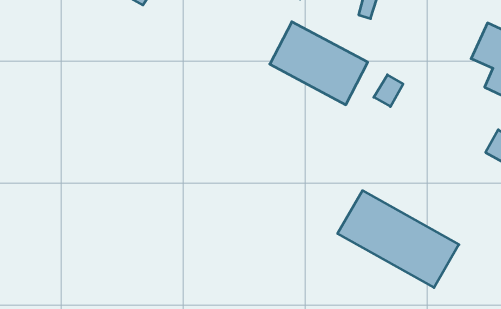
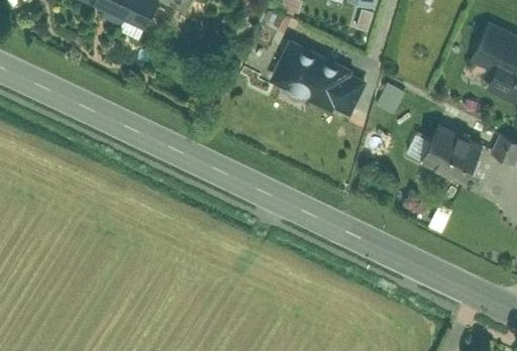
building: none -> [420,119,486,186]
building: [338,191,459,288] -> none

